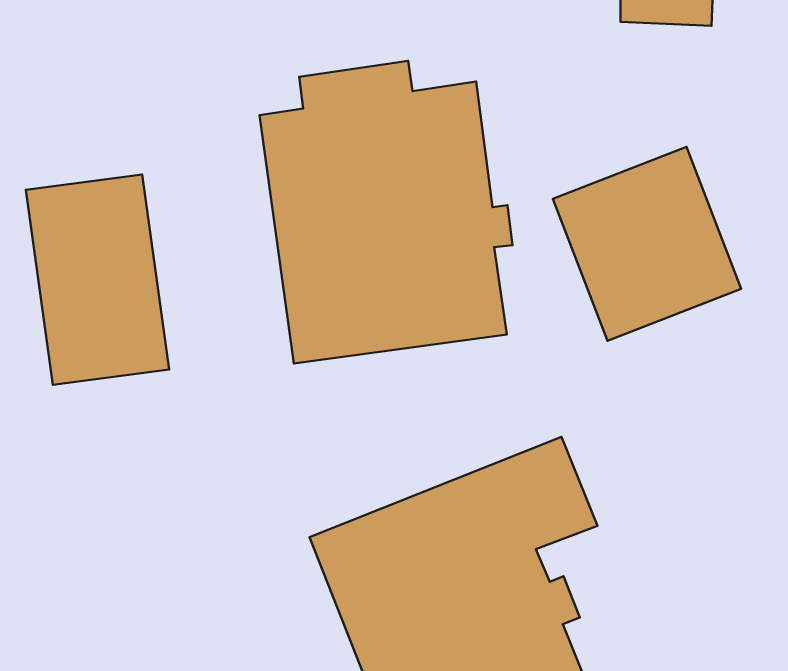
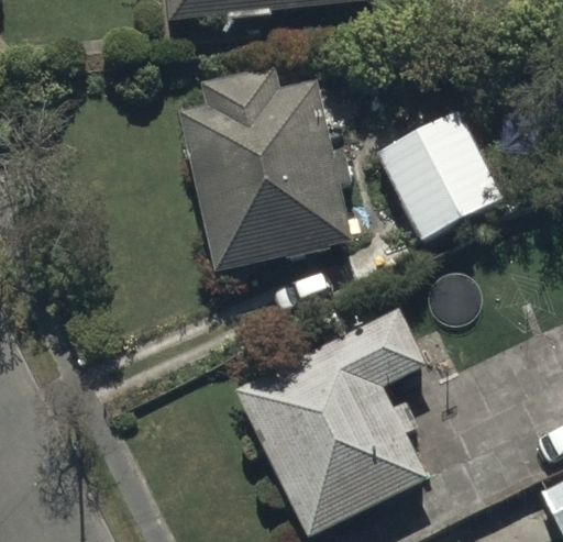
building: [26,175,169,385] -> none

